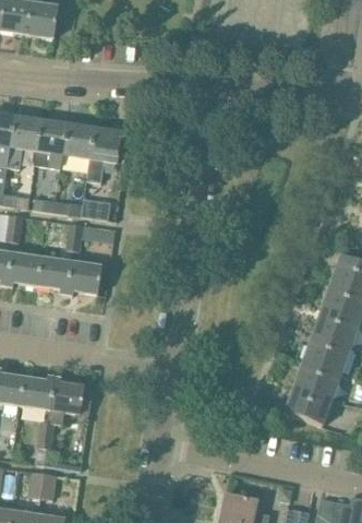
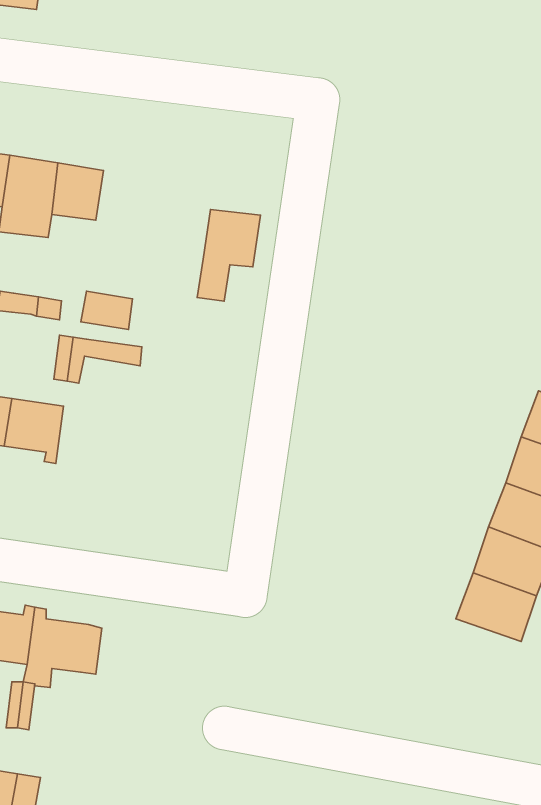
building: [86,128,122,180] -> [197,209,260,301]
building: [67,262,101,296] -> none
building: [286,383,331,423] -> none

